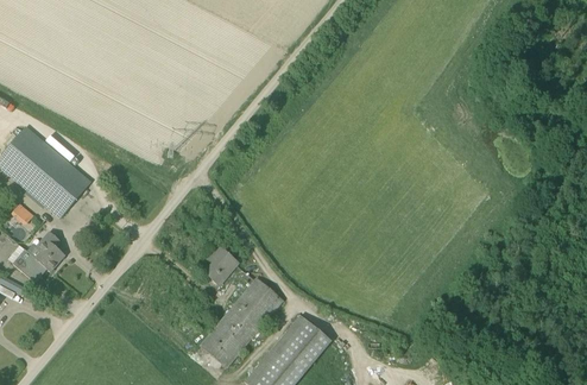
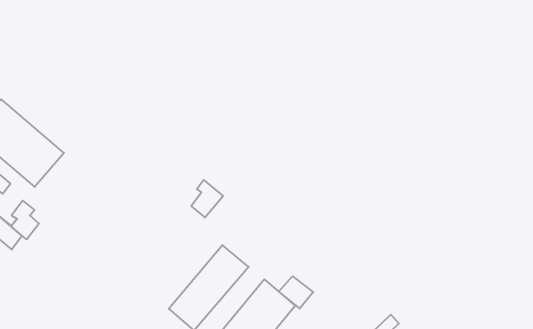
building: [204,245,238,284] -> [191,180,223,218]
building: none -> [279,276,313,309]

